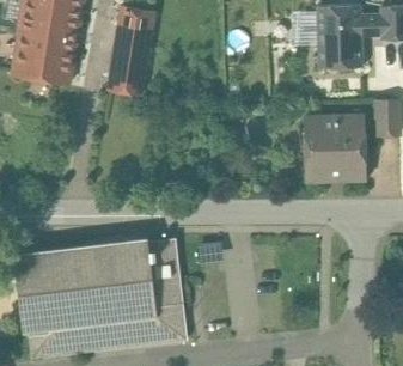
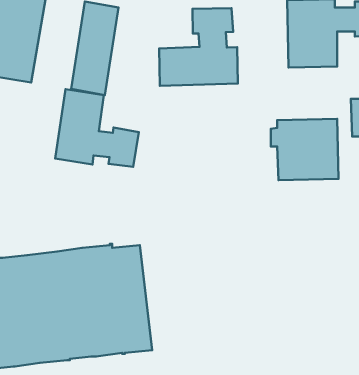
building: none -> [159,8,238,86]
building: none -> [55,89,139,167]

